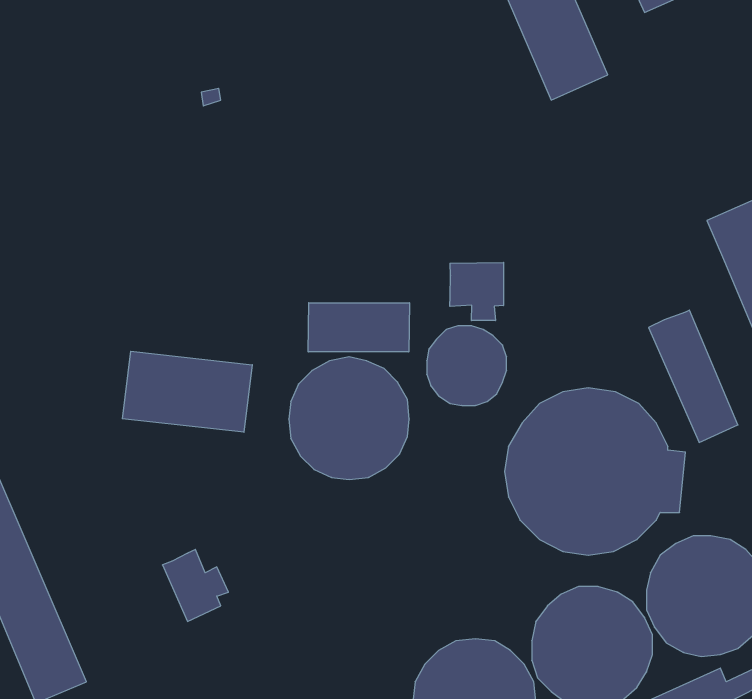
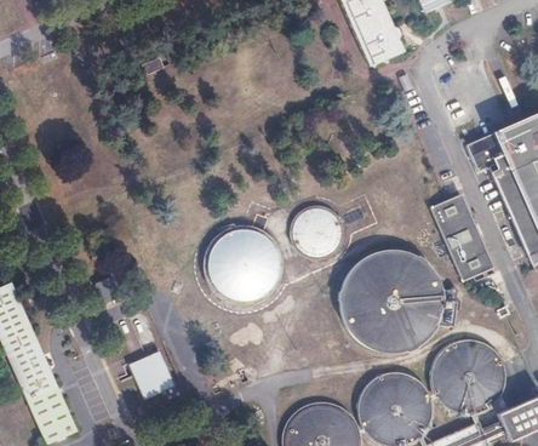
building: [450,262,504,321] -> none
building: [308,303,409,352] -> none
building: [122,351,252,432] -> none

